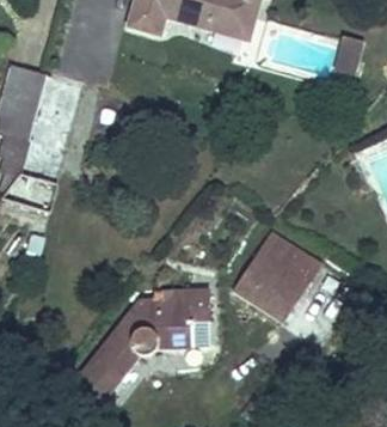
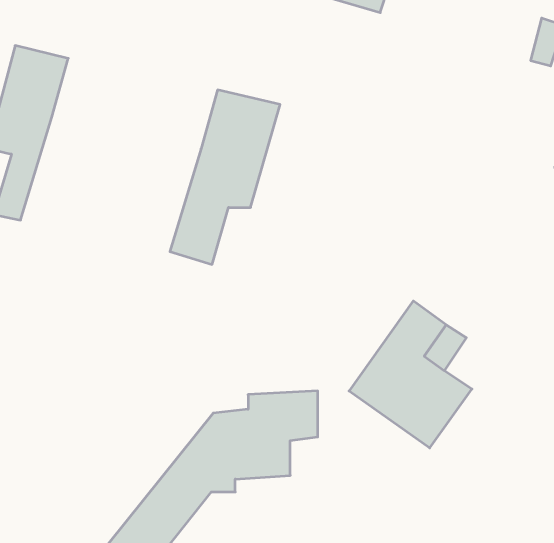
building: [14,71,86,184] -> [170,90,280,264]

